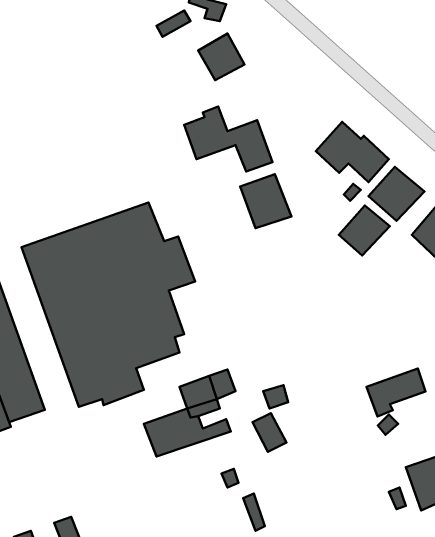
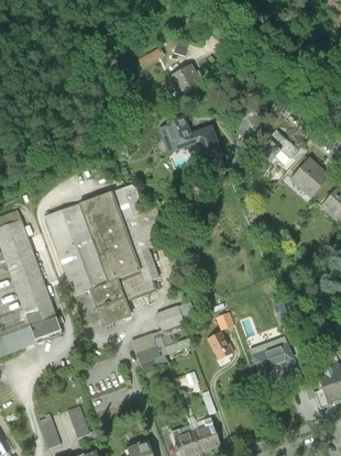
building: [240,174,291,228] -> none
building: [339,206,390,256] -> none
building: [367,368,425,416] -> [251,343,293,377]

